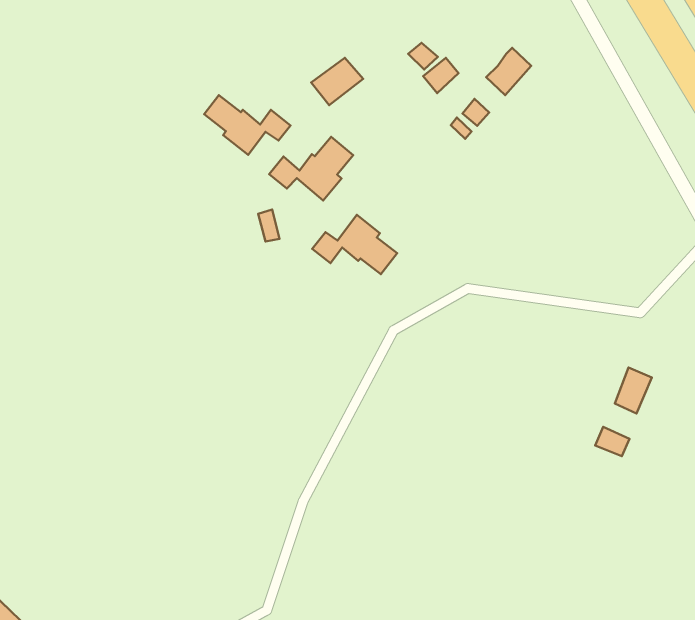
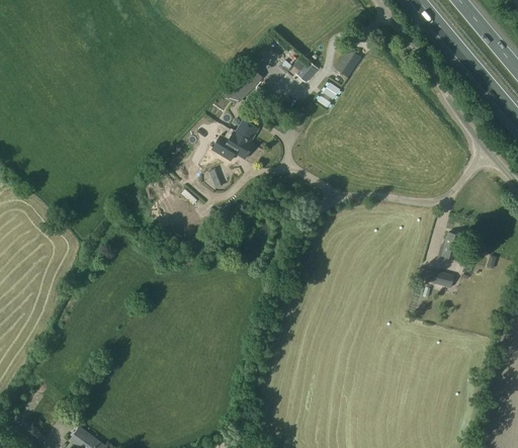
building: [204,95,290,155] -> none
building: [312,215,397,274] -> none

